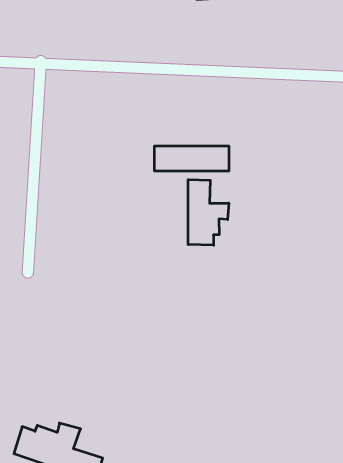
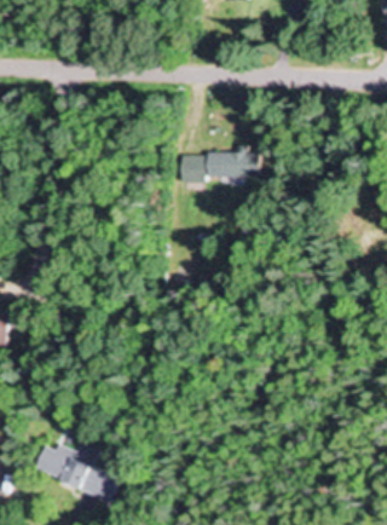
building: [188,180,229,245] -> none

